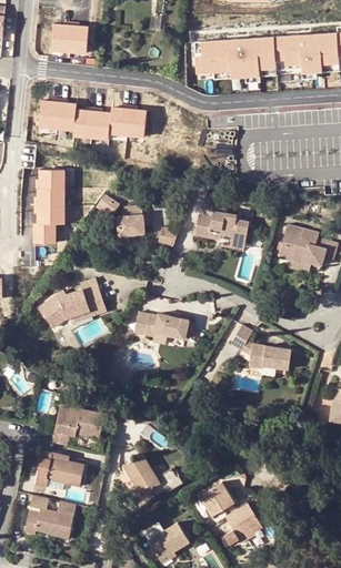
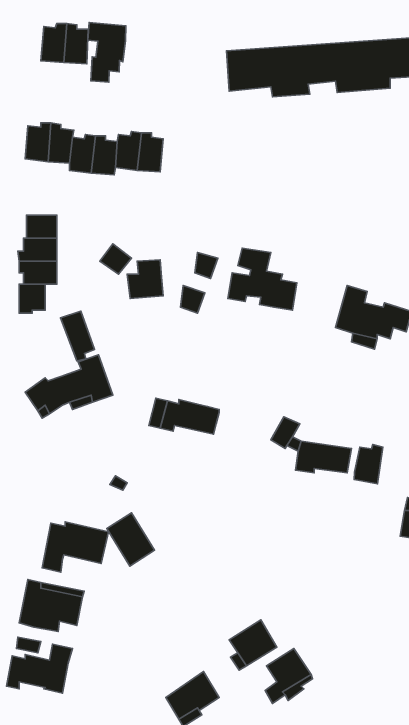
building: none -> [88,23,126,82]
building: none -> [60,311,95,361]
building: none -> [354,445,383,484]
building: [123,454,160,495] -> [107,513,154,566]

